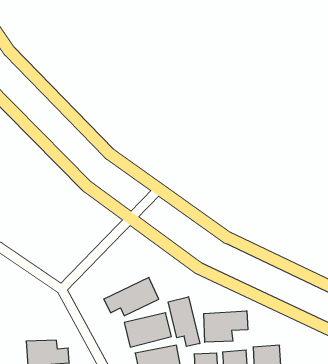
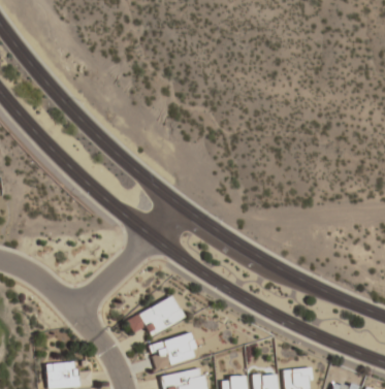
building: [168,297,200,346] -> none
building: [204,311,248,342] -> none

